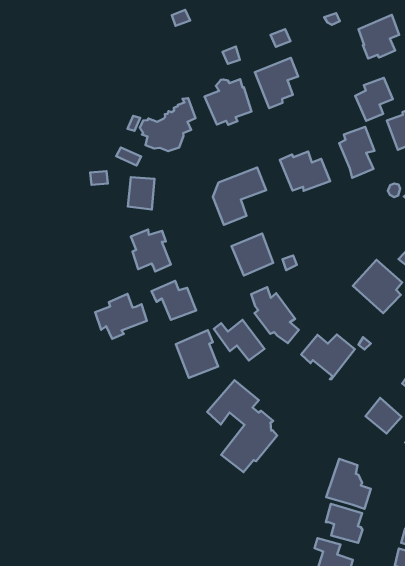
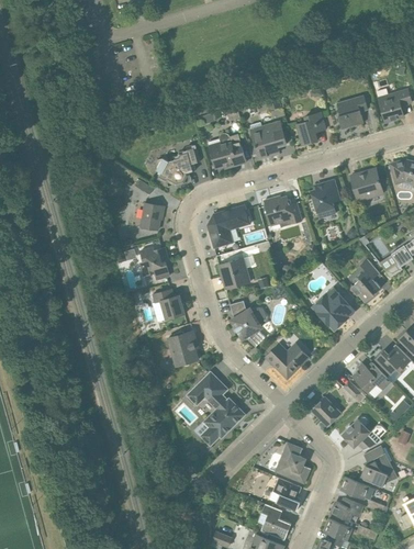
building: [355,78,393,121] -> [296,111,326,144]
building: [95,294,147,339] -> none
building: [214,320,265,360] -> none

